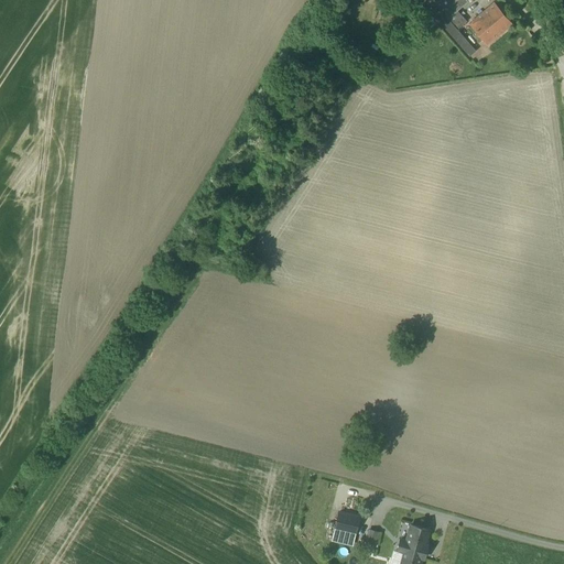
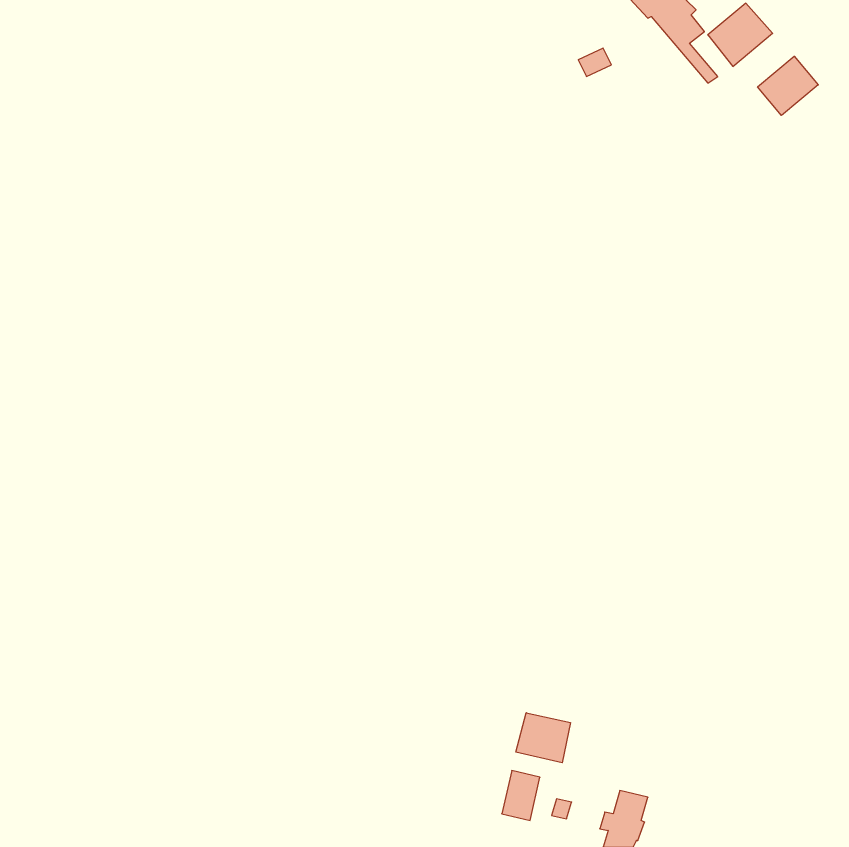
building: none -> [758,56,818,115]
building: none -> [516,713,570,763]

